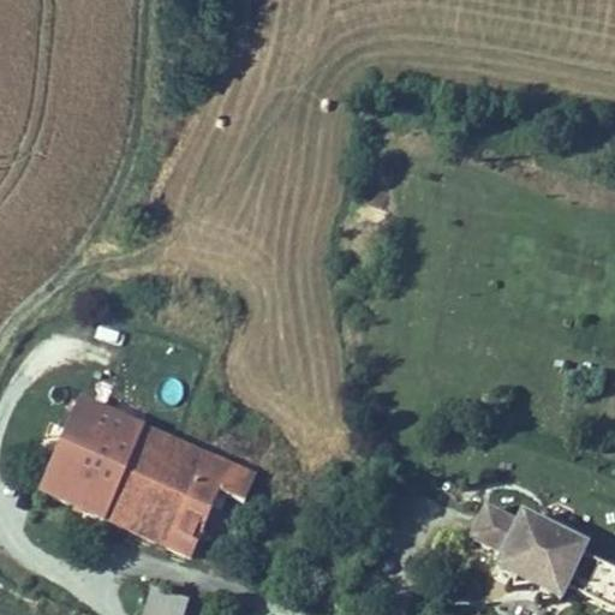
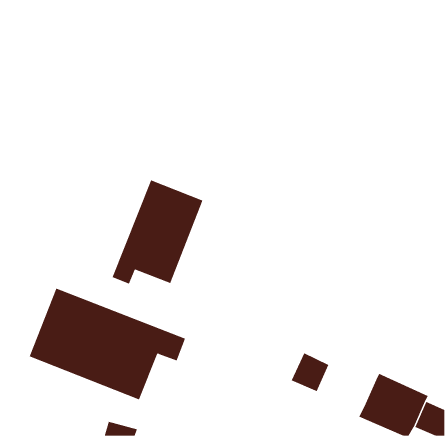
building: none -> [112,180,203,284]
building: [466,502,519,556] -> [291,352,329,392]

